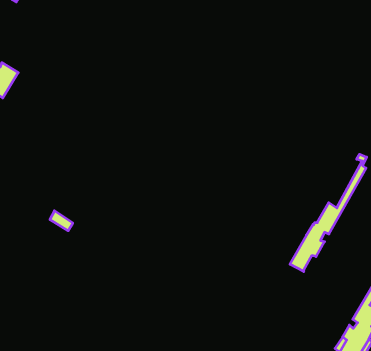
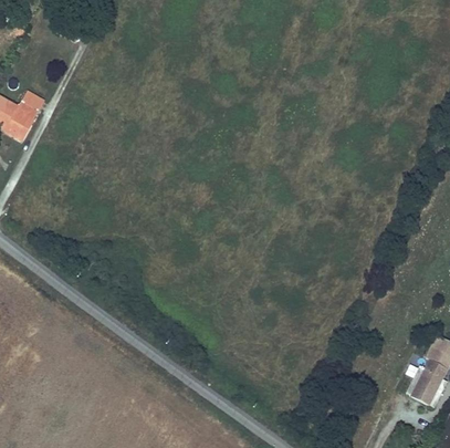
building: [290,154,367,272] -> none

